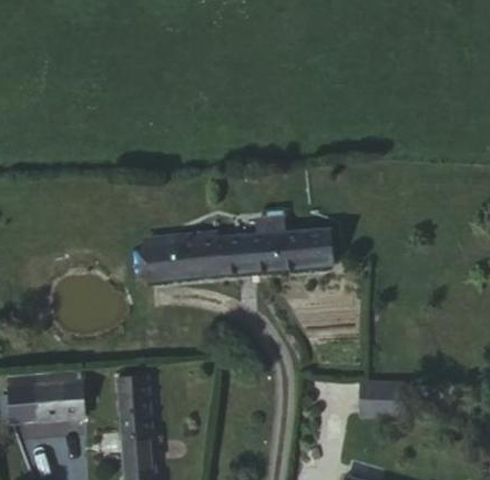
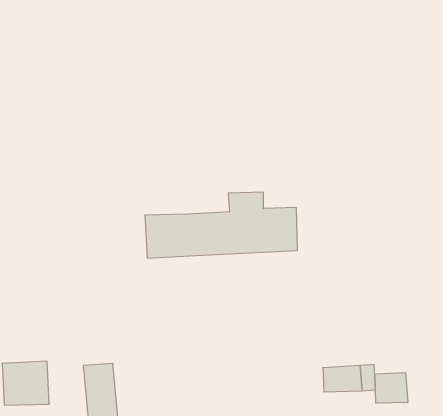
building: [152,234,181,278] -> none
building: none -> [375,373,408,403]

